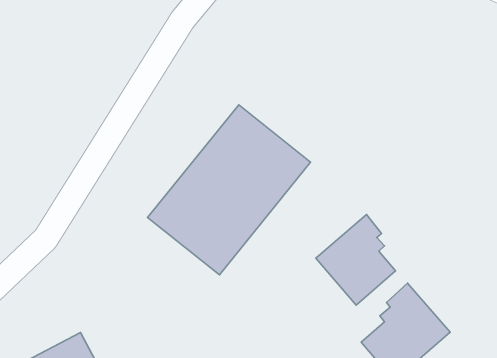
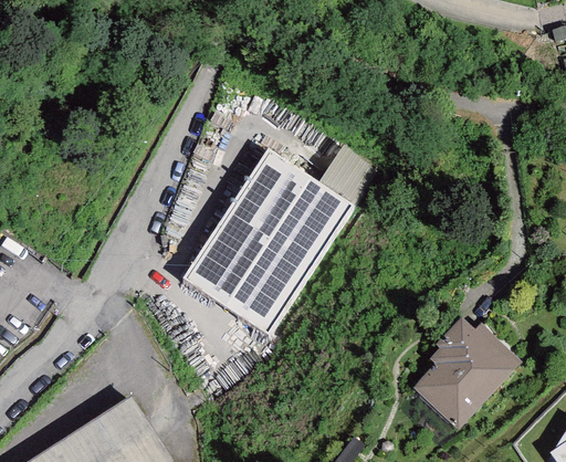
building: [316,215,395,305] -> none

